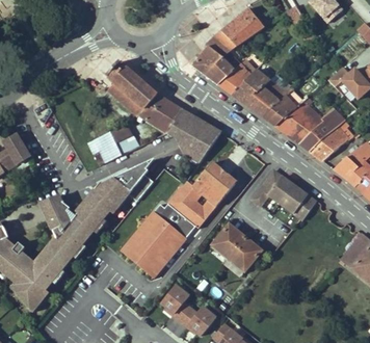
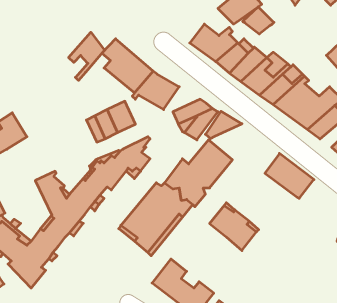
building: [206,31,237,58] -> [243,7,274,34]
building: none -> [69,32,105,80]
building: [167,109,204,136] -> [205,111,242,138]

